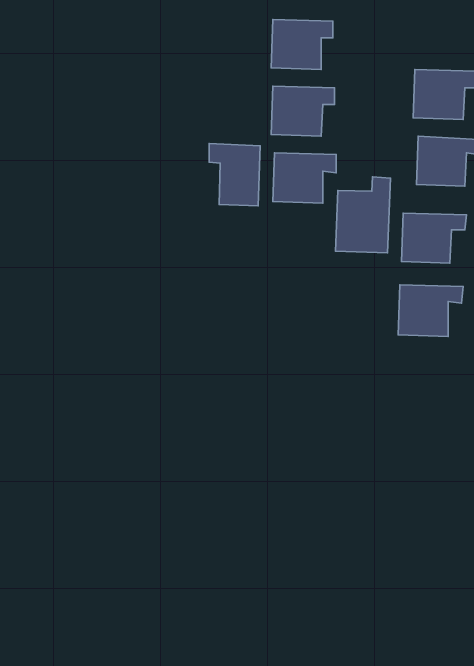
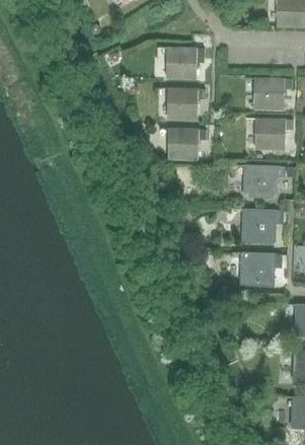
building: [209,144,260,206] -> none
building: [336,177,390,253] -> none
building: none -> [241,252,281,284]

